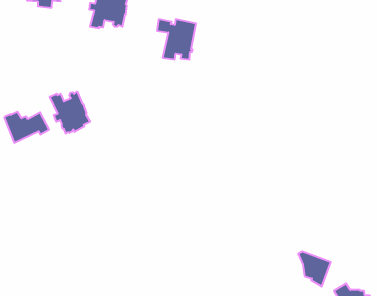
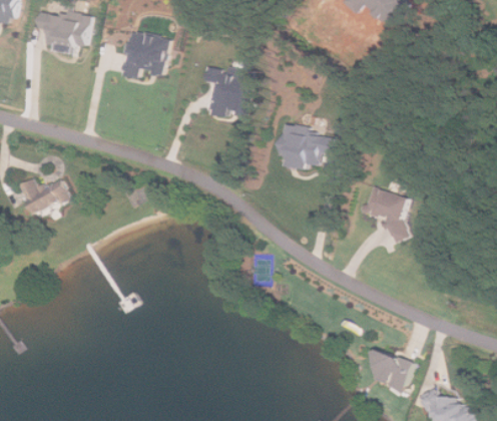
building: none -> [278,125,333,168]
building: [50,92,90,134] -> none
building: none -> [364,186,409,239]

